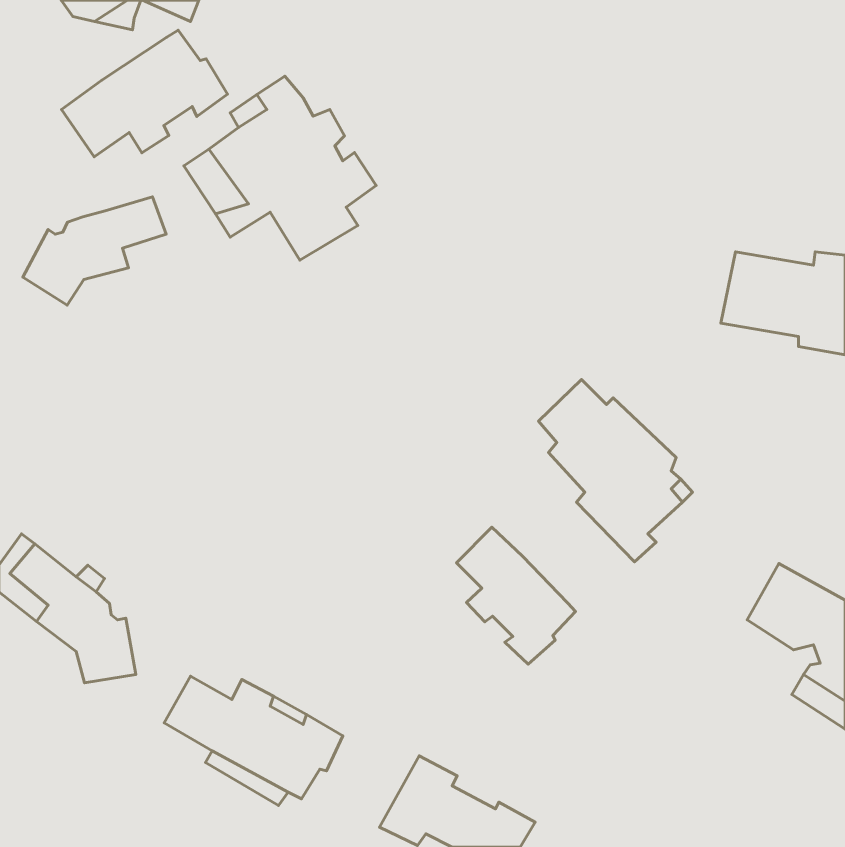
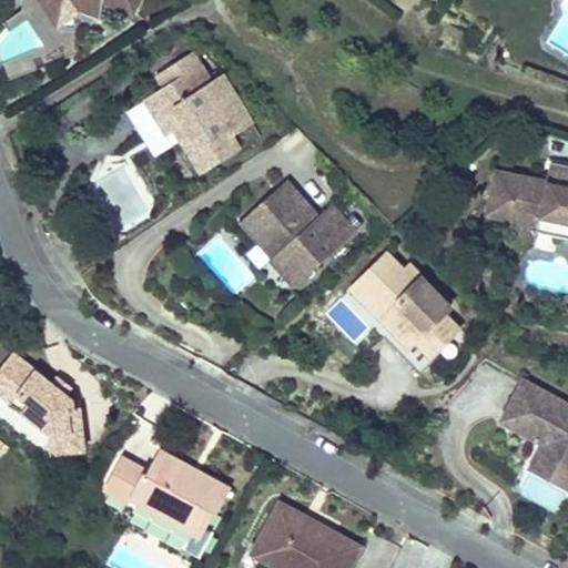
building: [61,30,228,157] -> none
building: [23,197,166,305] -> none
building: none -> [243,180,352,282]
building: [456,527,575,664] -> none

